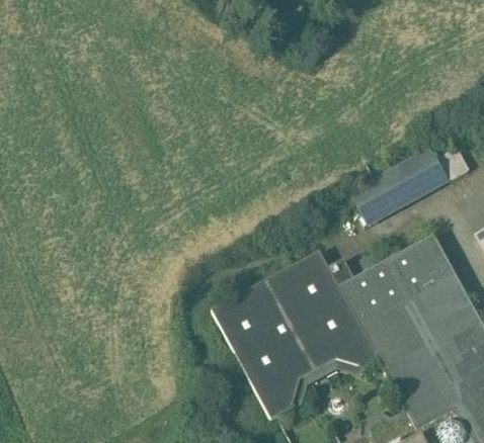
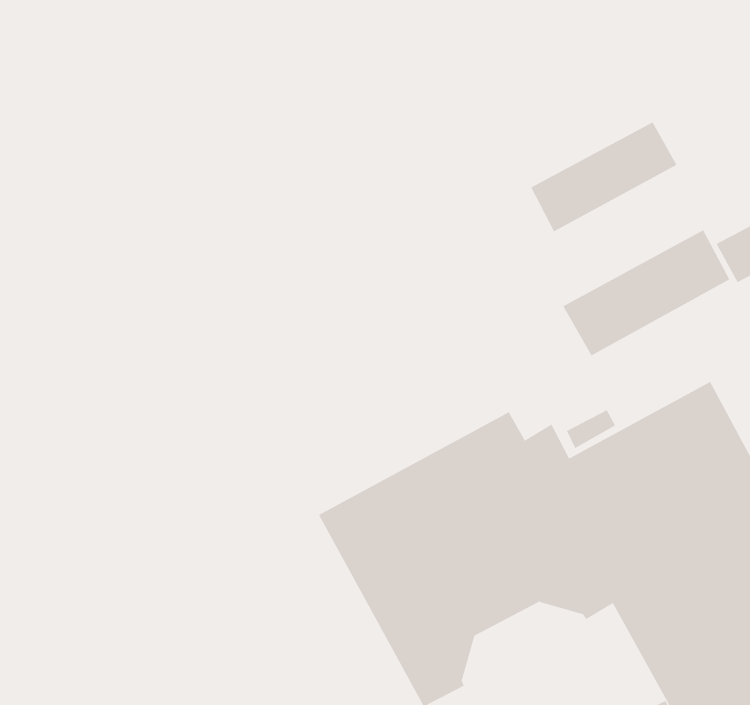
building: none -> [531,121,677,232]

